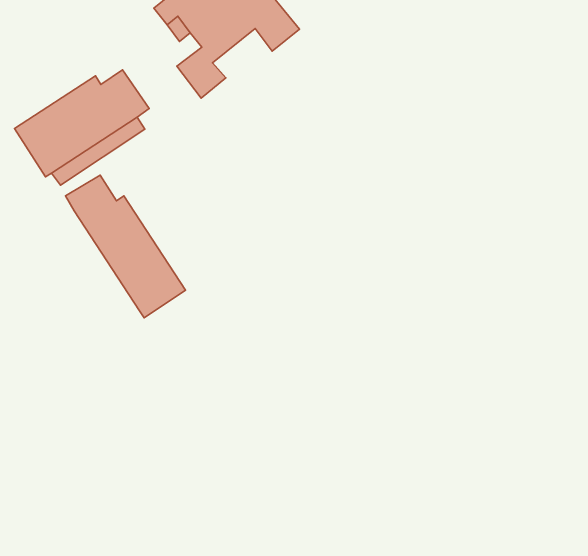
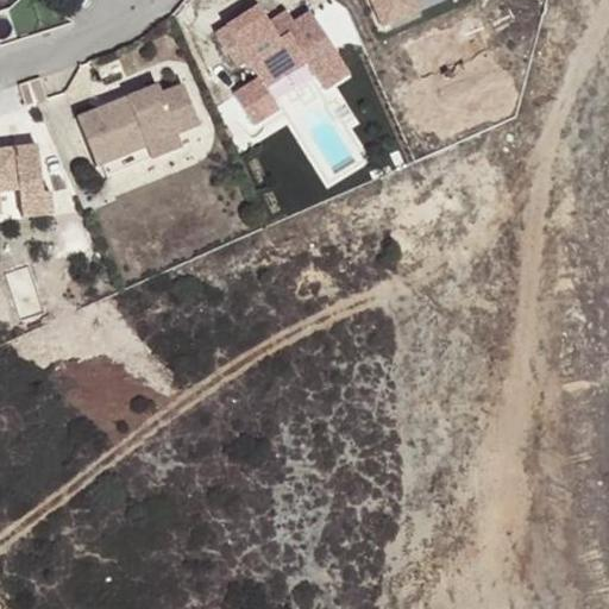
building: [65,175,185,318] -> none

